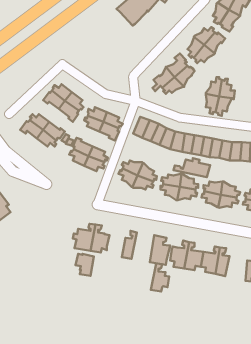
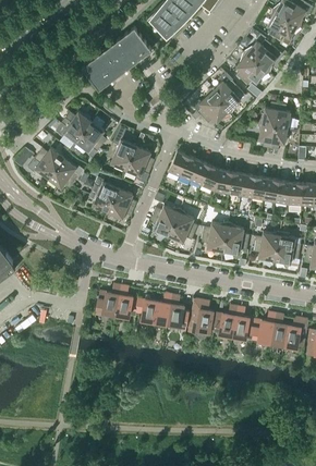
building: none -> [82,27,151,90]
building: [174,158,210,177] -> none
building: none -> [282,317,308,352]
building: [76,254,94,276] -> [135,298,158,326]
building: [151,263,169,292] -> [166,295,189,330]

